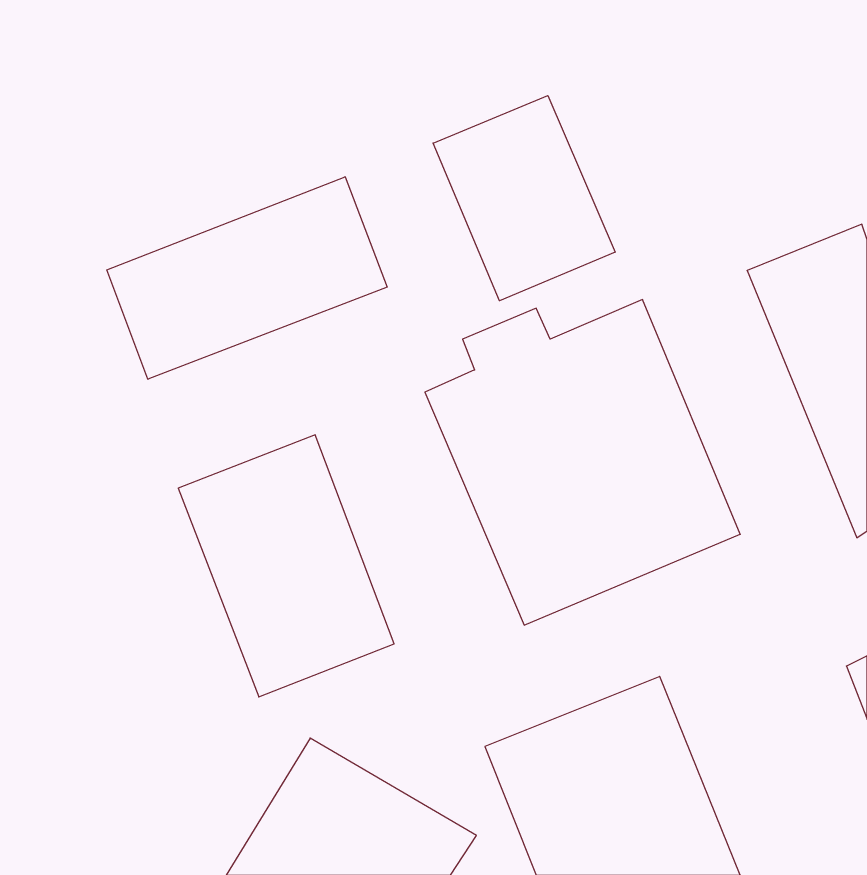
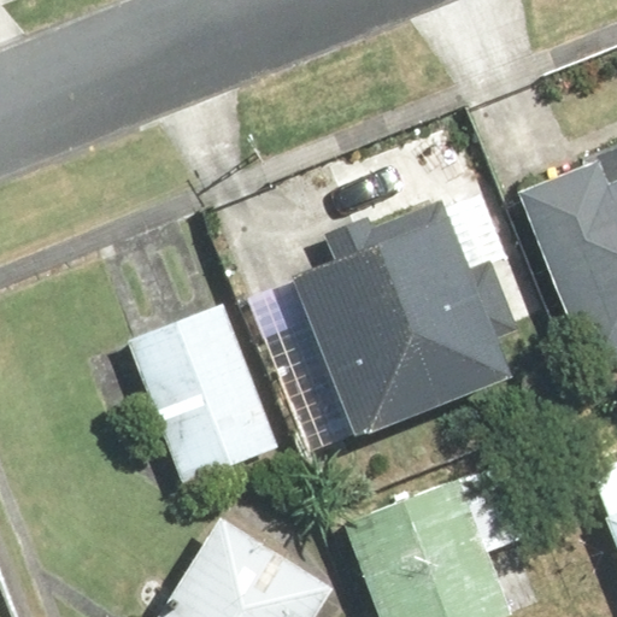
building: [433,96,615,301] -> none
building: [107,177,387,379] -> none

